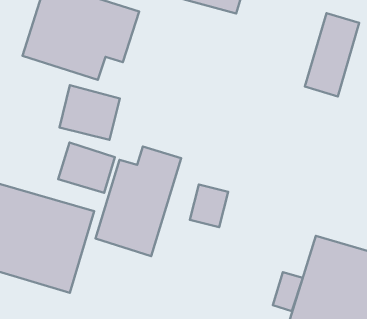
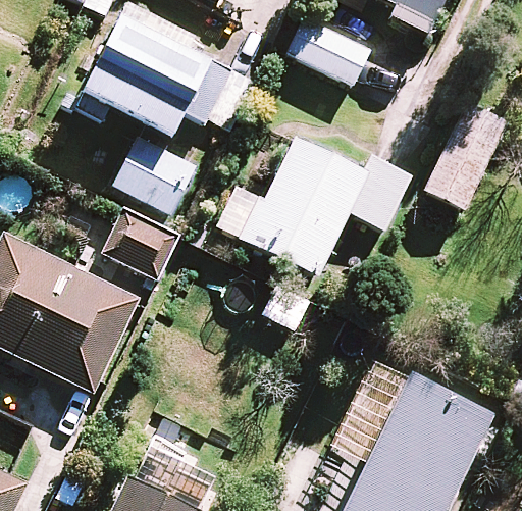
building: none -> [219,139,410,274]
building: [95,147,181,256] -> none

